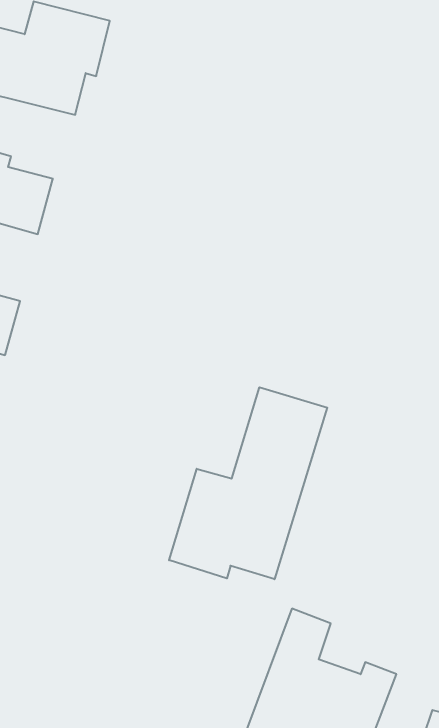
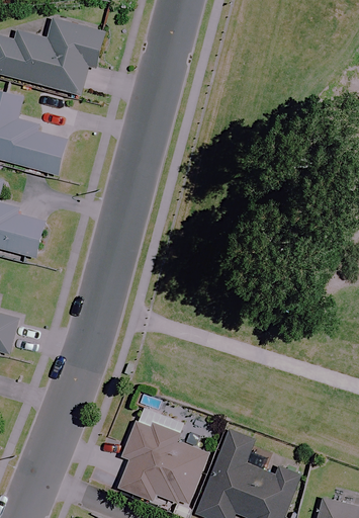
building: [169,387,327,579] -> none
building: none -> [118,421,206,505]

